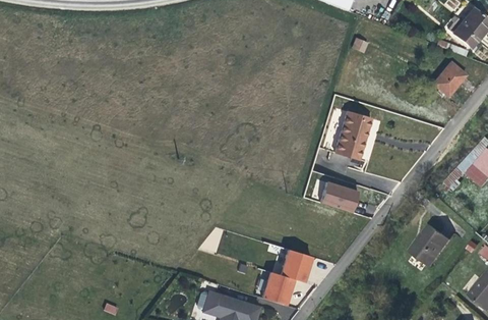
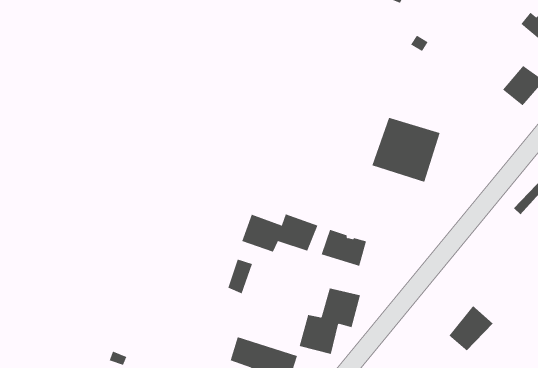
building: [320,180,359,212] -> [321,229,367,267]
building: none -> [242,214,318,253]
building: [411,220,448,259] -> [449,305,493,351]

